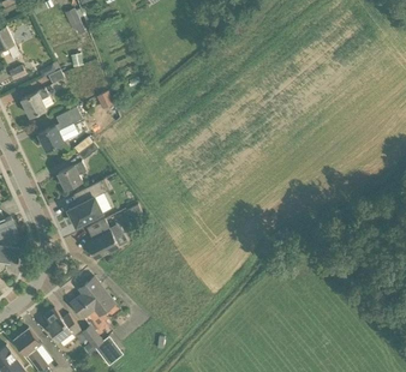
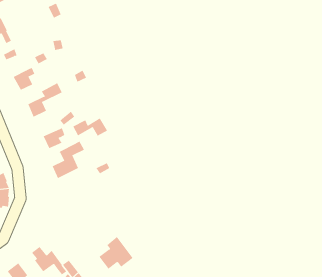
building: none -> [72,118,108,137]
building: [86,217,119,257] -> none
building: [71,276,114,317] -> [99,236,134,269]

